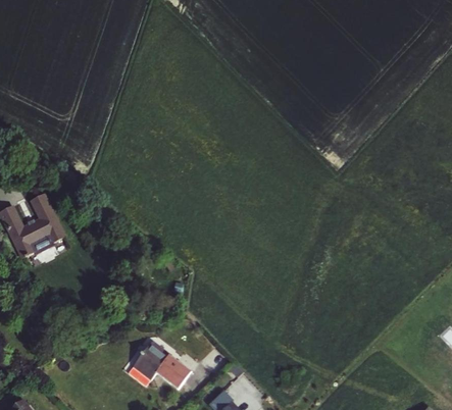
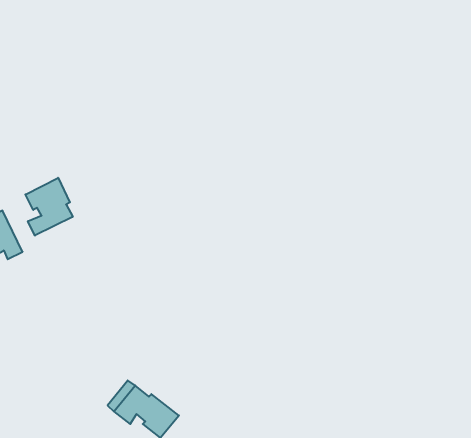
building: none -> [25,178,73,236]

